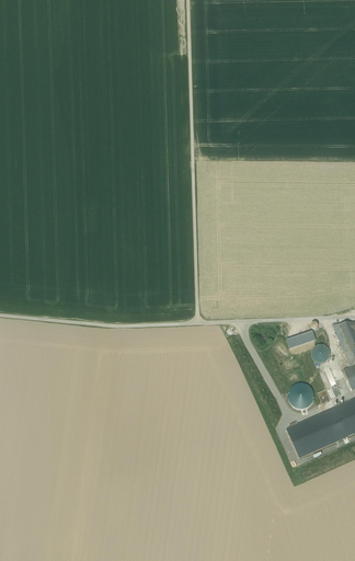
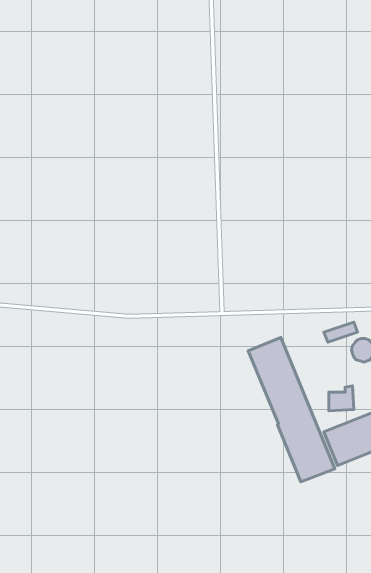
building: none -> [248,338,335,482]

